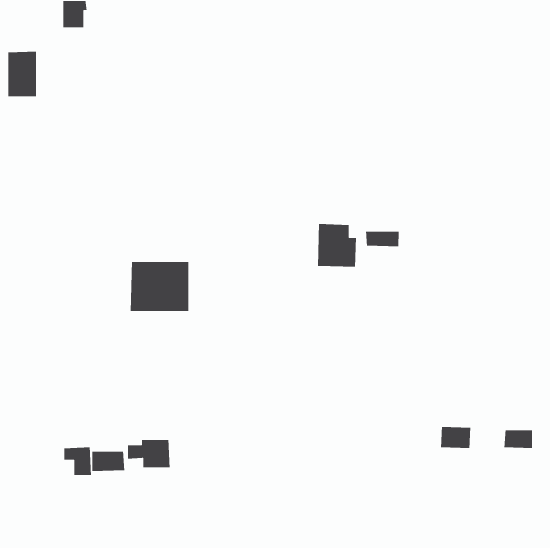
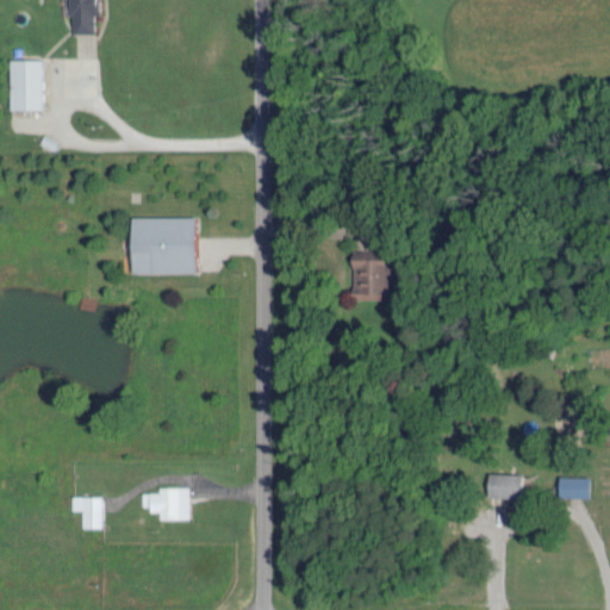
building: [365,231,399,247] -> none
building: [130,261,189,312] -> [130,218,195,274]
building: [92,451,125,472] -> none

